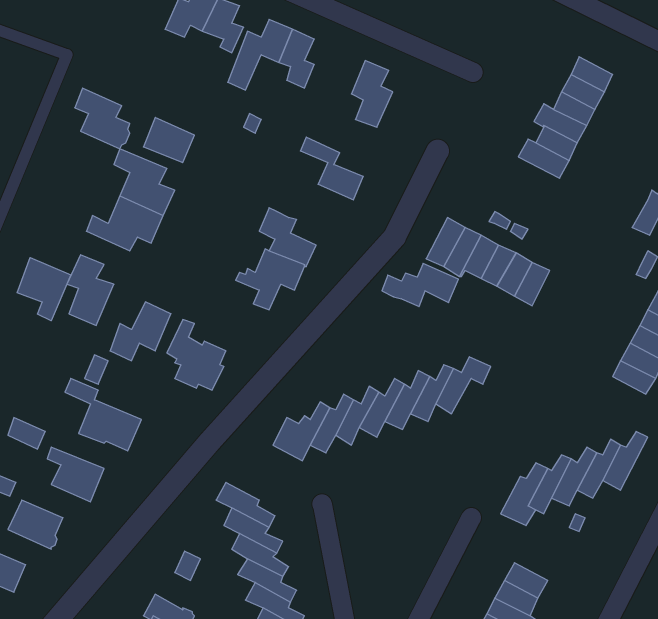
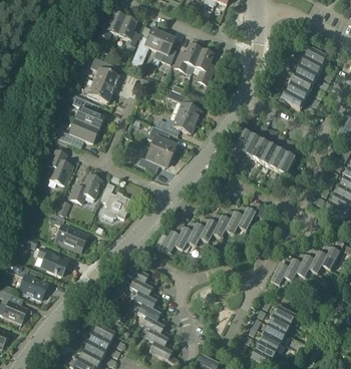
building: none -> [173,44,201,70]
building: [75,88,130,149] -> [90,56,118,87]
building: [17,258,71,321] -> none
building: [382,263,458,307] -> [155,112,195,134]

